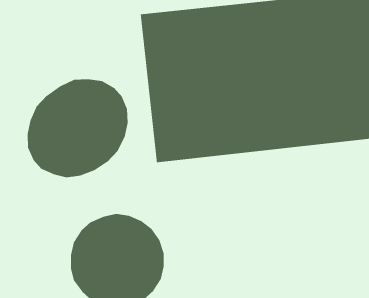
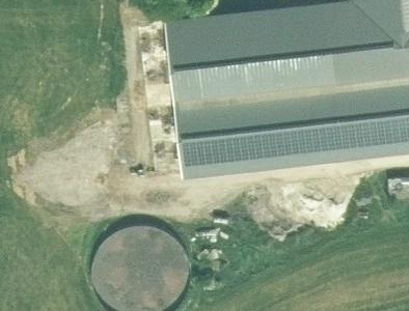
building: [27,78,128,178] -> none

